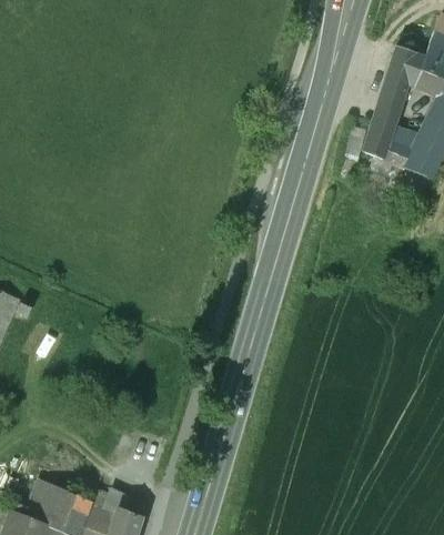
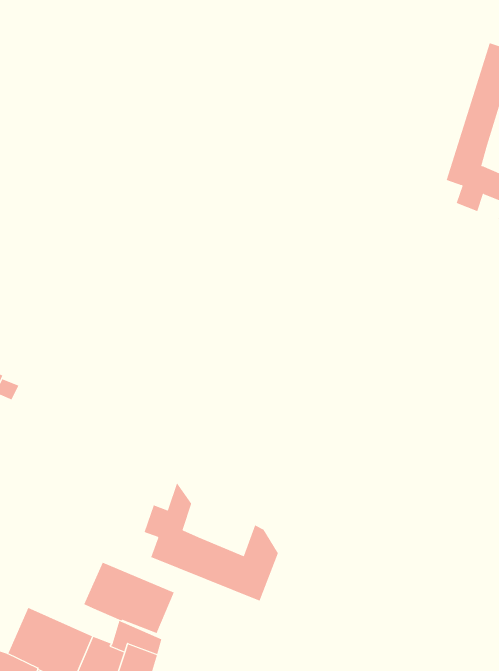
building: none -> [144,482,278,601]
building: none -> [84,562,174,634]

